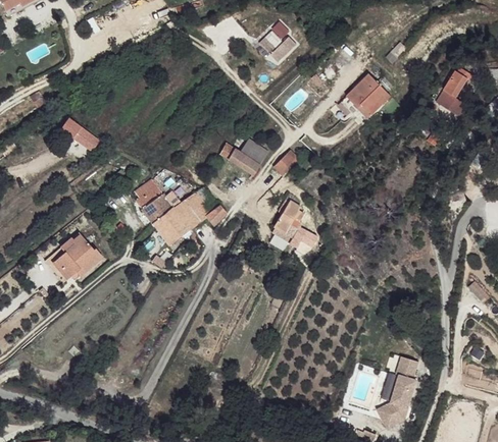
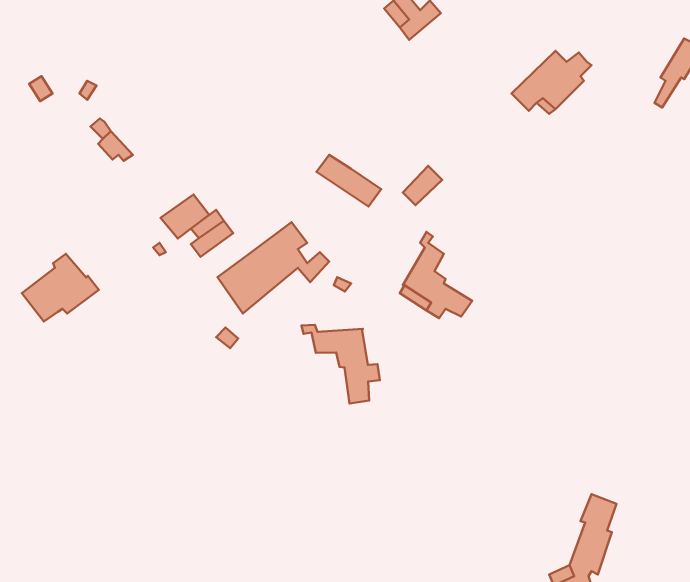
building: [240,136,269,164] -> none
building: [142,192,173,221] -> [161,194,209,238]
building: [51,235,101,279] -> [22,254,99,321]
building: none -> [302,325,380,403]

